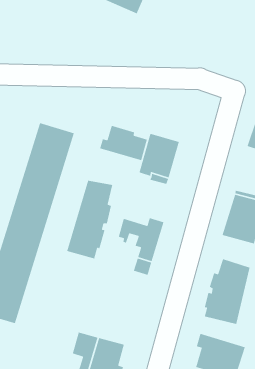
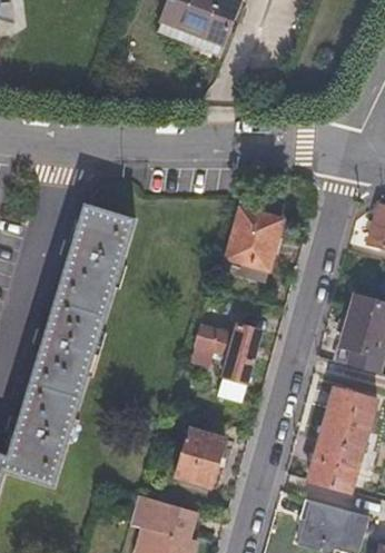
building: [99,125,148,161] -> none
building: [66,180,113,260] -> none
building: none -> [174,424,224,483]

